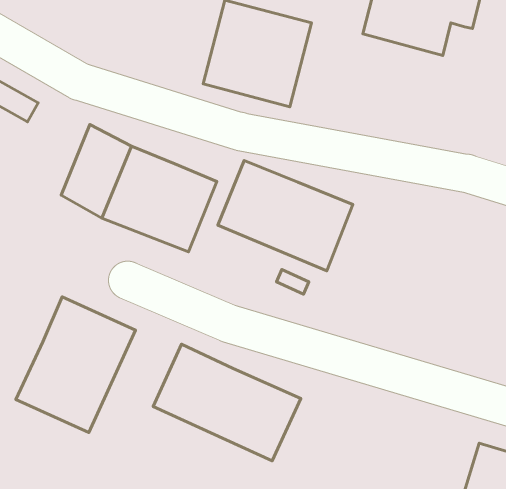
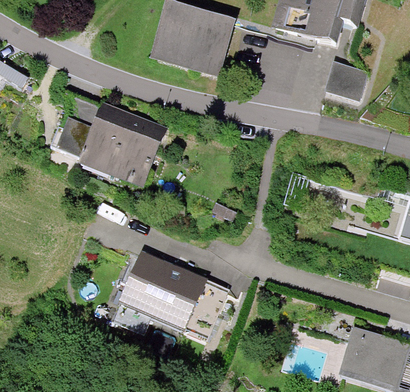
building: none -> [327,62,370,97]
building: [218,161,353,271] -> none
building: [16,297,135,433] -> none

